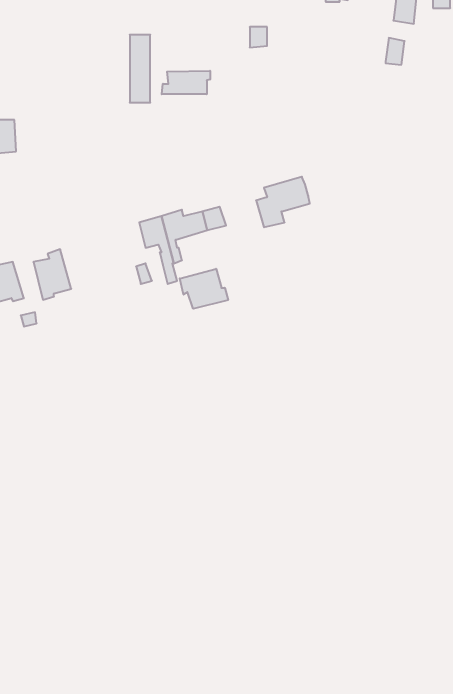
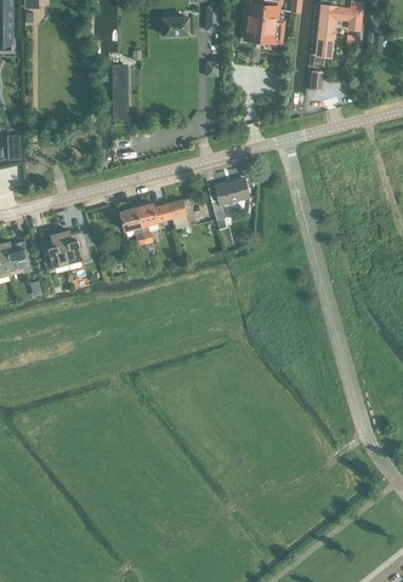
building: [162,71,210,94] -> none
building: none -> [59,230,91,263]
building: [180,269,228,309] -> none

